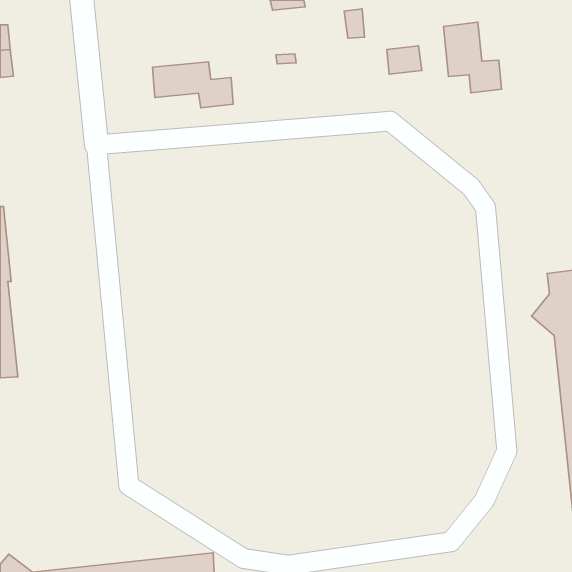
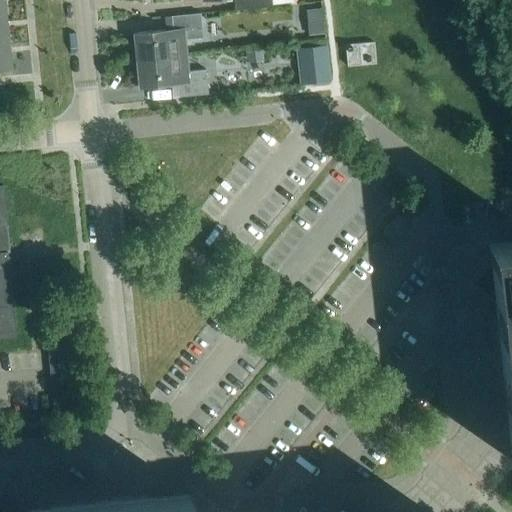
building: none -> [134,14,204,61]
building: [443,22,502,93] -> none
building: none -> [309,53,331,83]

